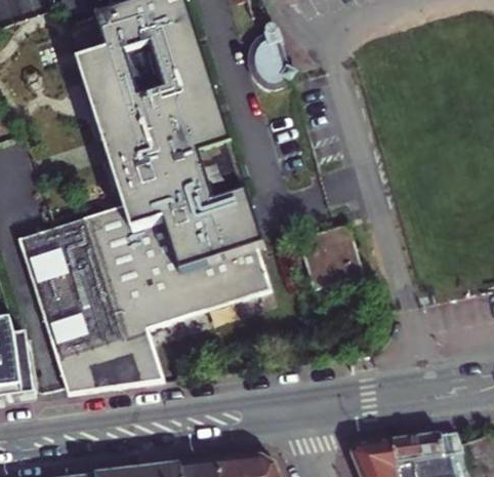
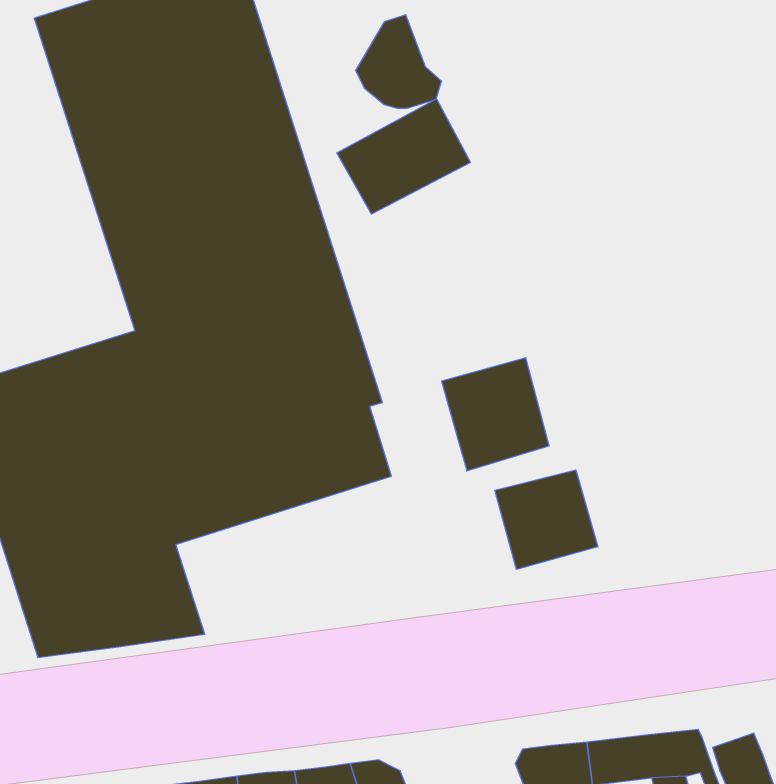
building: none -> [337,99,470,214]
building: none -> [495,470,598,569]

